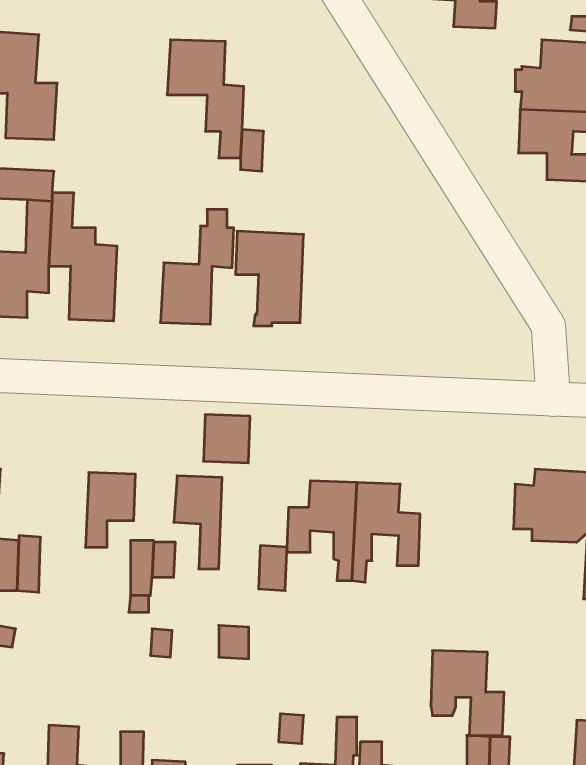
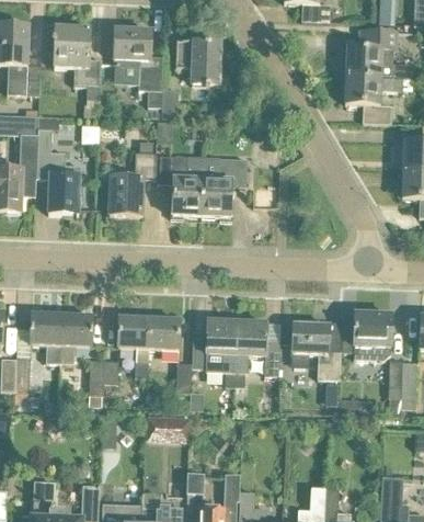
building: none -> [54,26,101,99]
building: none -> [175,39,220,84]
building: none -> [200,157,247,219]
building: [203,415,250,463] -> [148,317,179,349]
building: none -> [30,313,61,363]
building: [431,651,504,735] -> [291,322,340,378]

